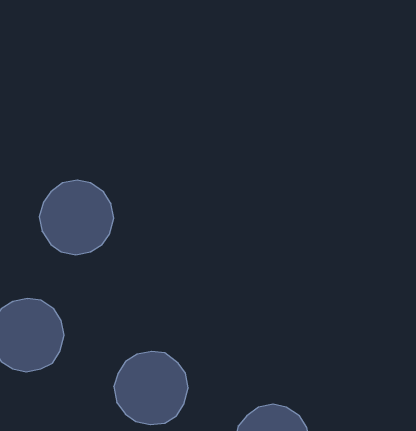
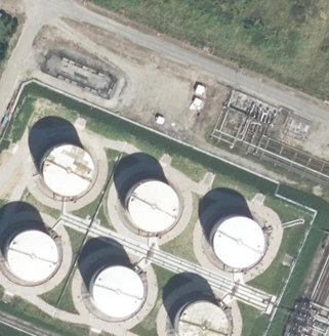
building: none -> [126,181,178,234]
building: none -> [212,217,264,269]

